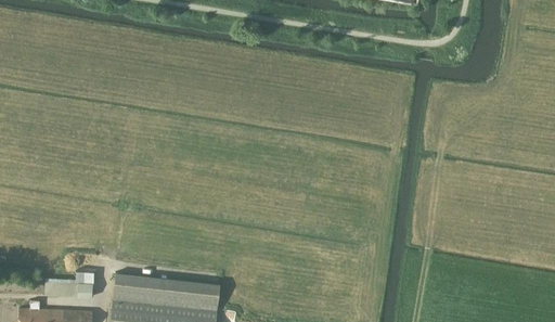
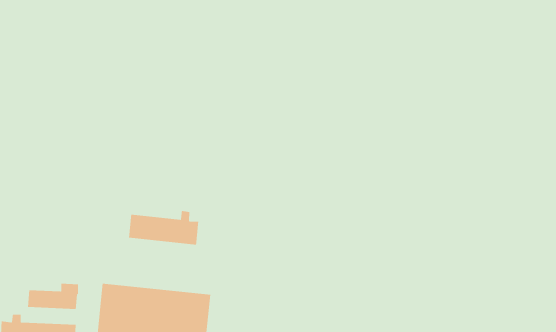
building: none -> [129,210,199,245]

